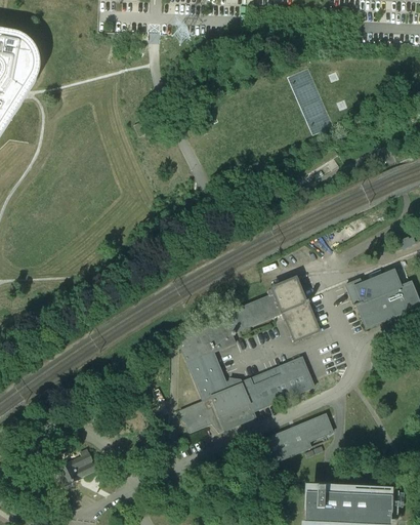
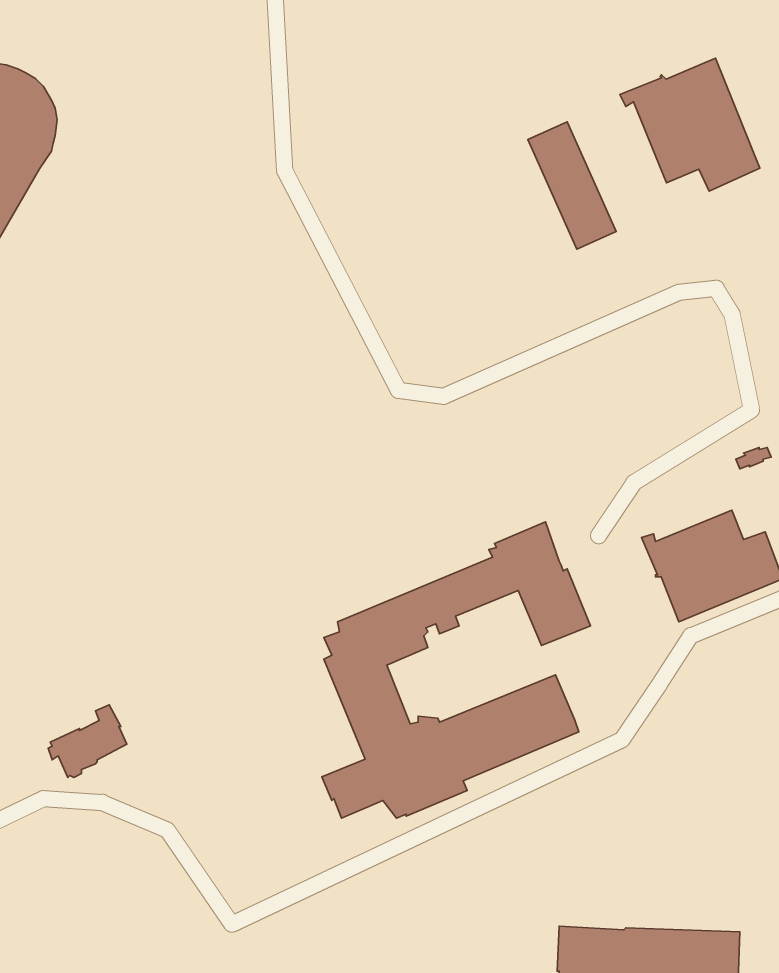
building: none -> [620,58,760,191]
building: [262,414,332,463] -> none
building: [54,448,95,486] -> [48,705,127,777]

